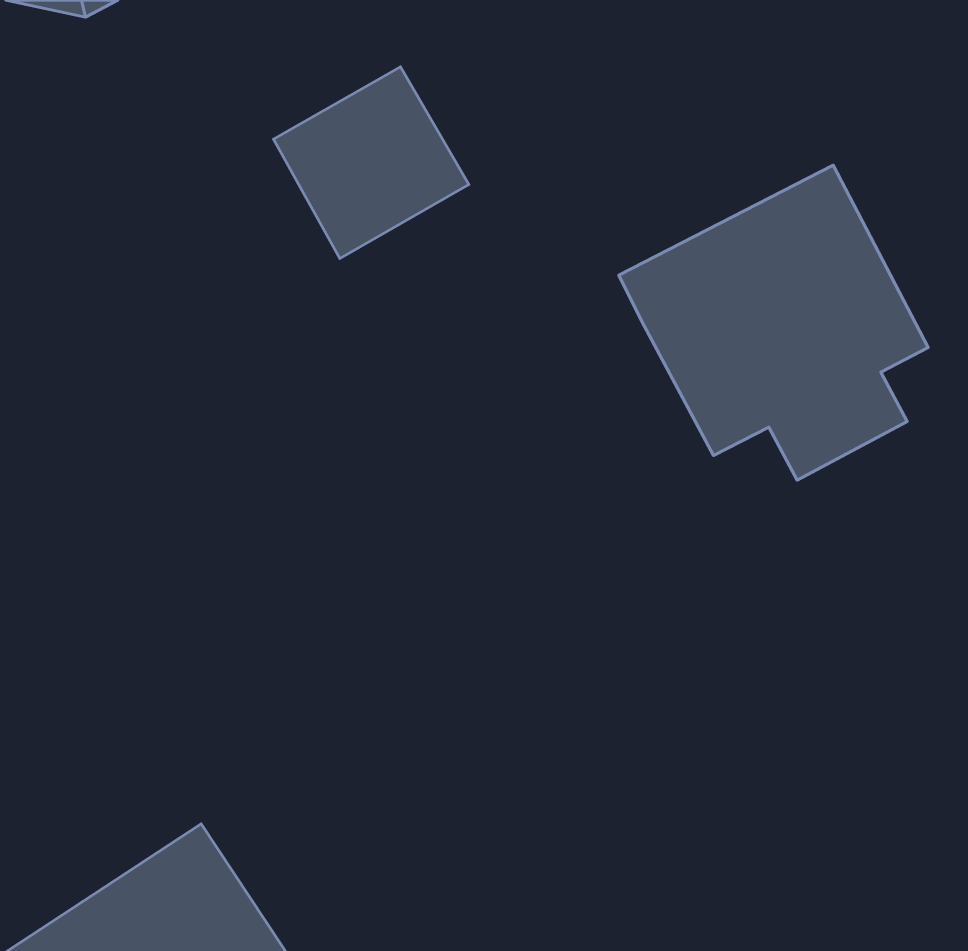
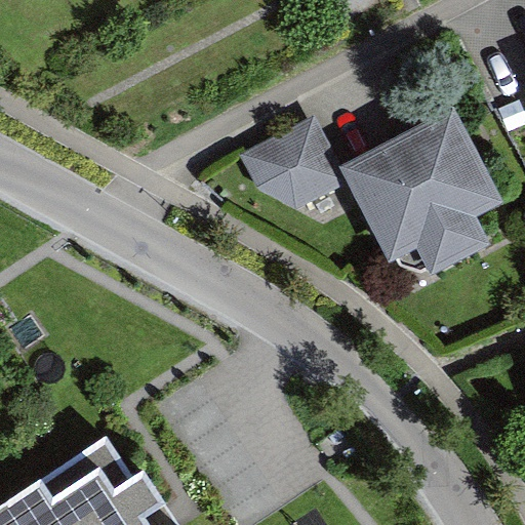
building: [273,67,469,259] -> [241,120,347,224]

